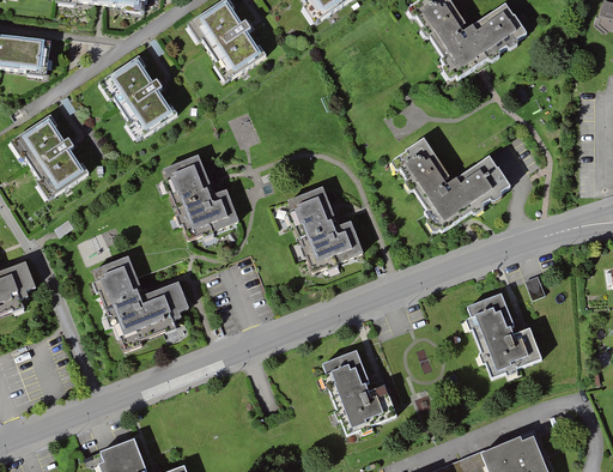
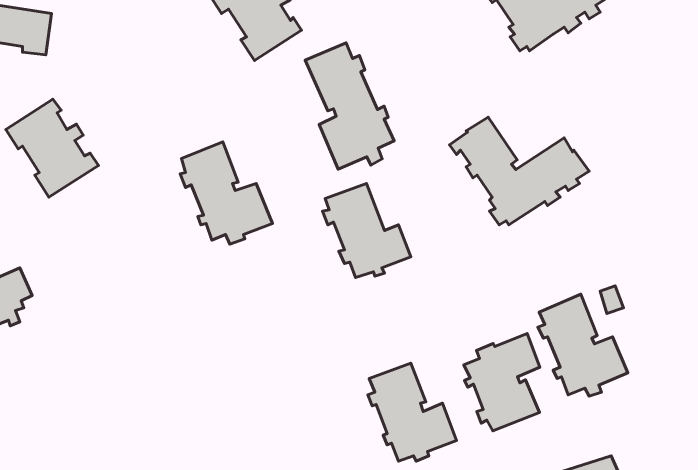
building: [96,55,177,141] -> none
building: none -> [305,43,394,169]
building: [91,255,187,352] -> none
building: none -> [464,334,540,431]

